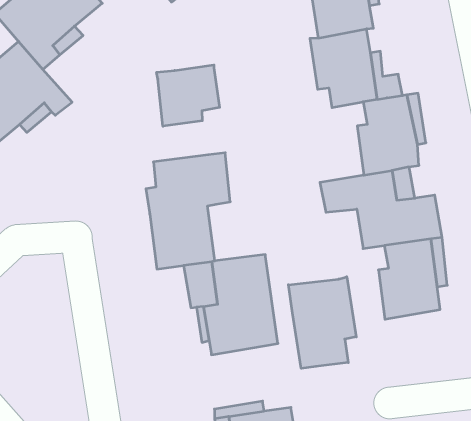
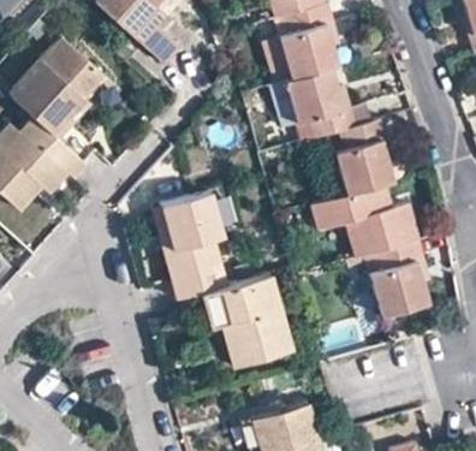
building: [157,65,220,126] -> none
building: [288,277,356,368] -> none

